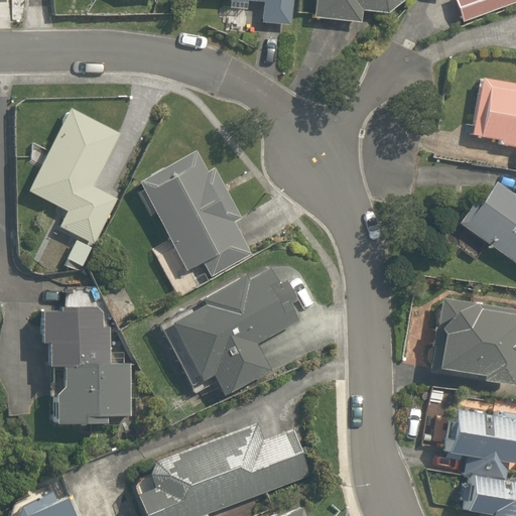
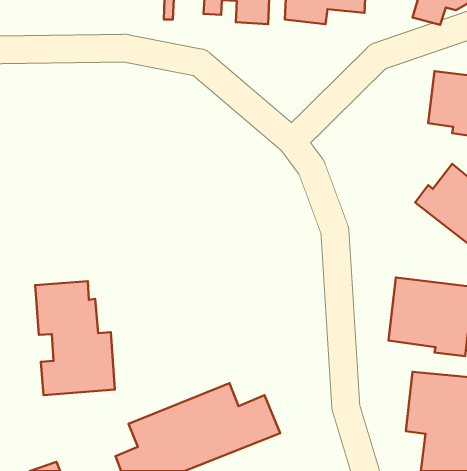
building: [28,107,120,263] -> none
building: [137,151,259,281] -> none
building: [166,268,300,398] -> none

